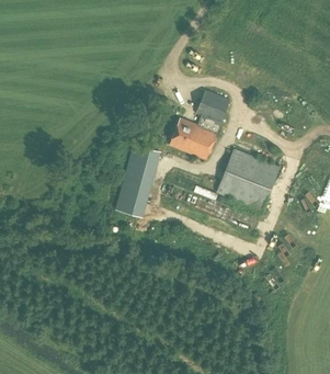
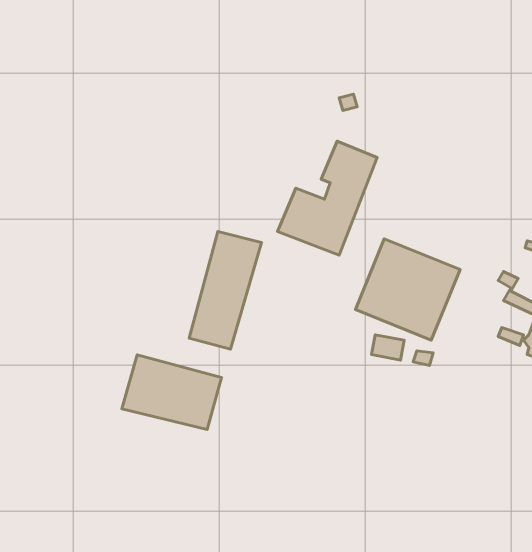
building: none -> [122,355,222,430]

